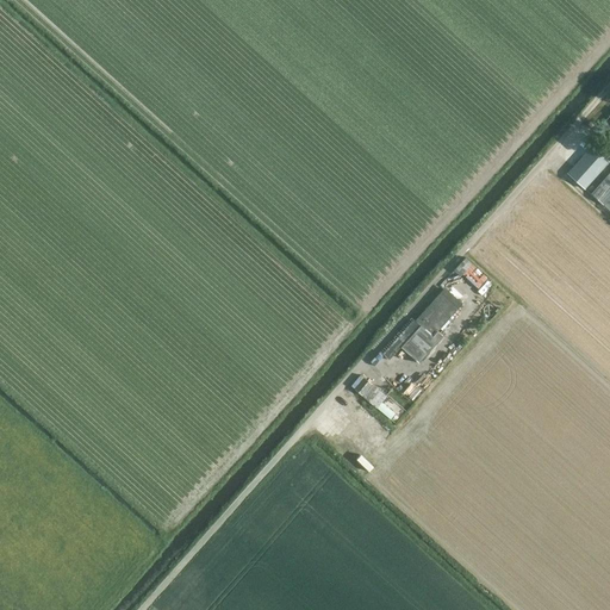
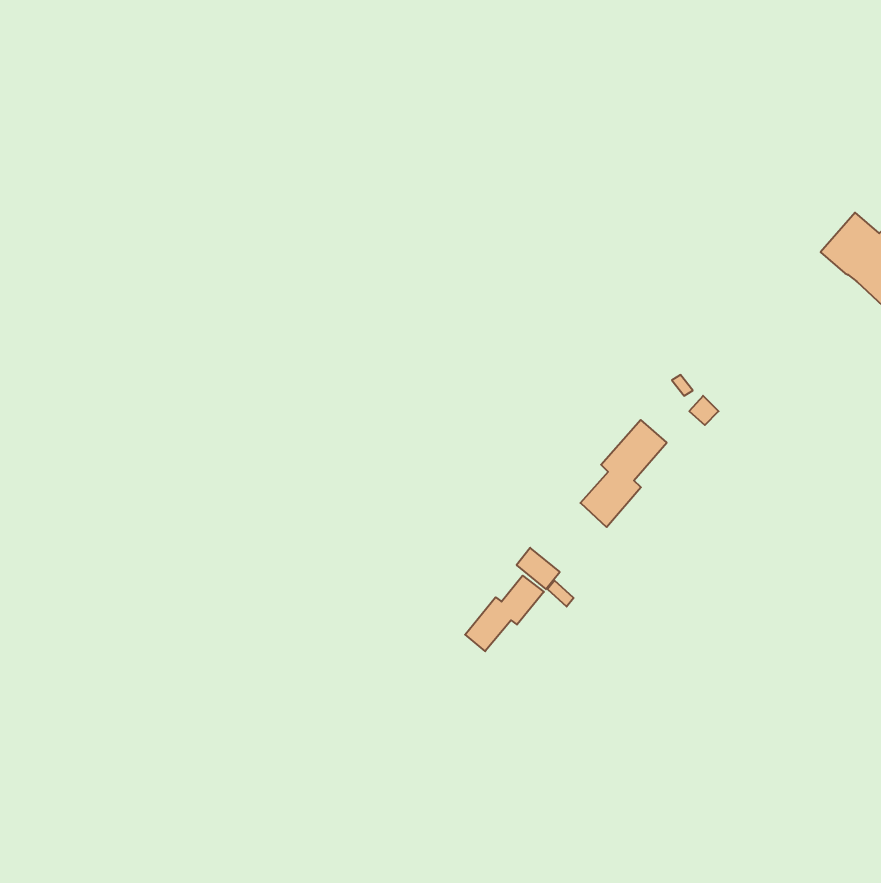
building: none -> [465,576,544,651]

